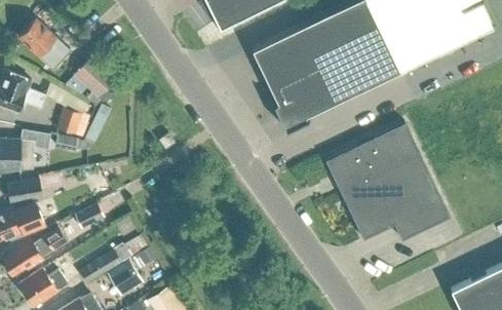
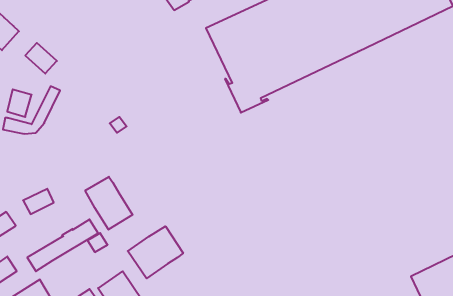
building: [326,123,450,240] -> none
building: none -> [85,177,133,230]
building: none -> [128,226,183,278]
building: [110,264,144,298] -> none

